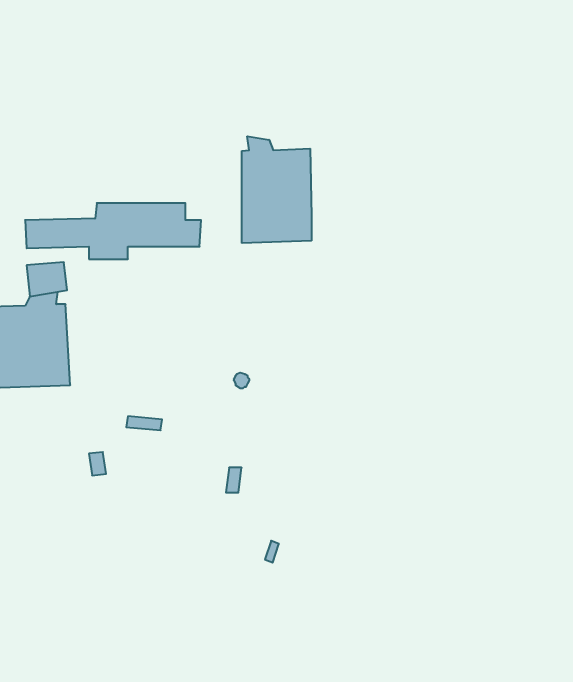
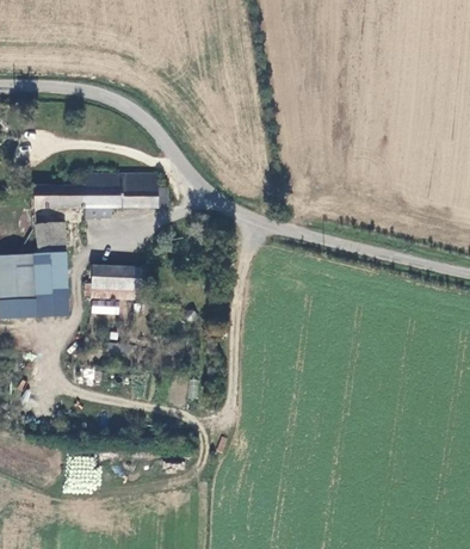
building: [242,136,312,243] -> none
building: none -> [84,264,140,313]

